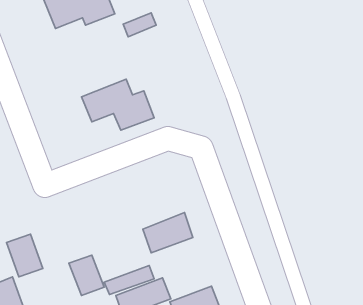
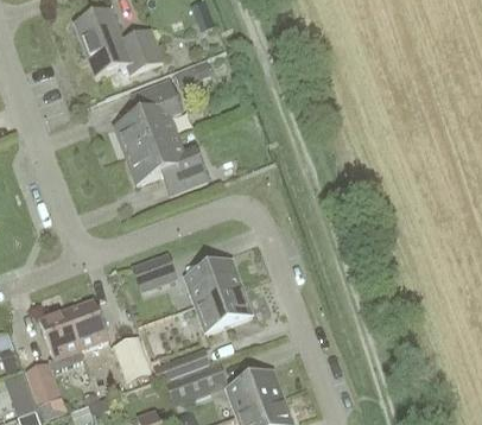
building: none -> [114,78,182,152]
building: none -> [132,250,175,286]
building: none -> [184,256,242,303]
building: none -> [66,298,108,348]

